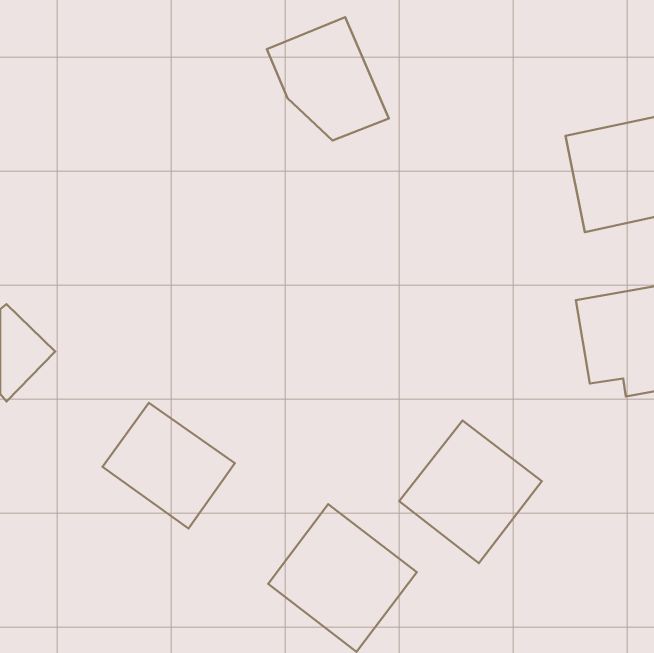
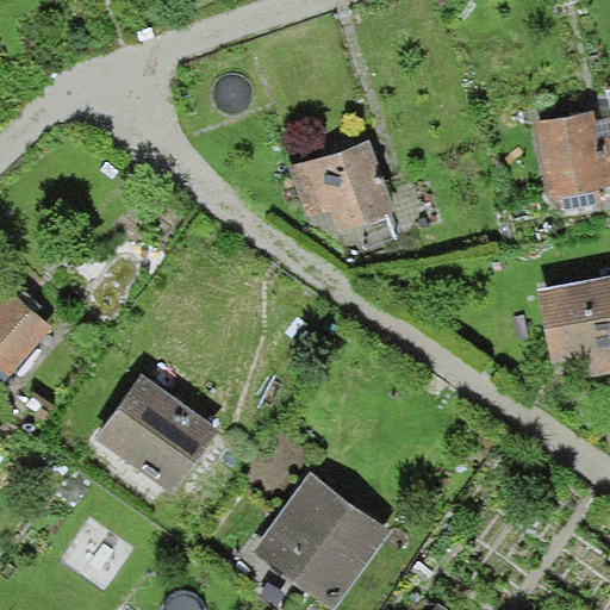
building: [267,17,389,140] -> [292,138,405,253]
building: [399,421,542,563] -> none

